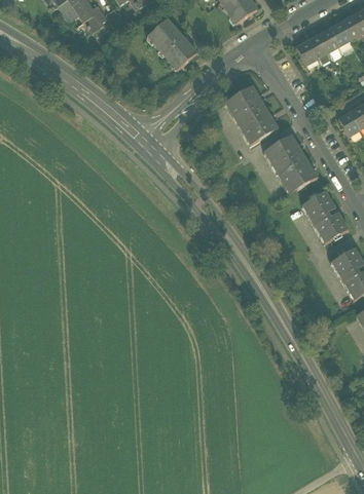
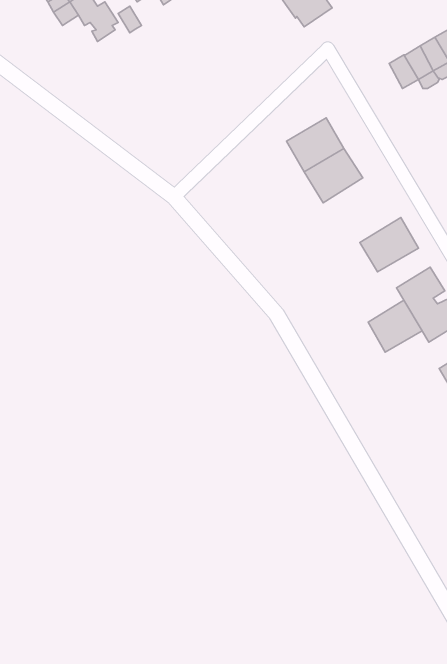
building: [148,18,195,67] -> none
building: [263,134,304,173] -> none
building: none -> [368,300,422,352]

